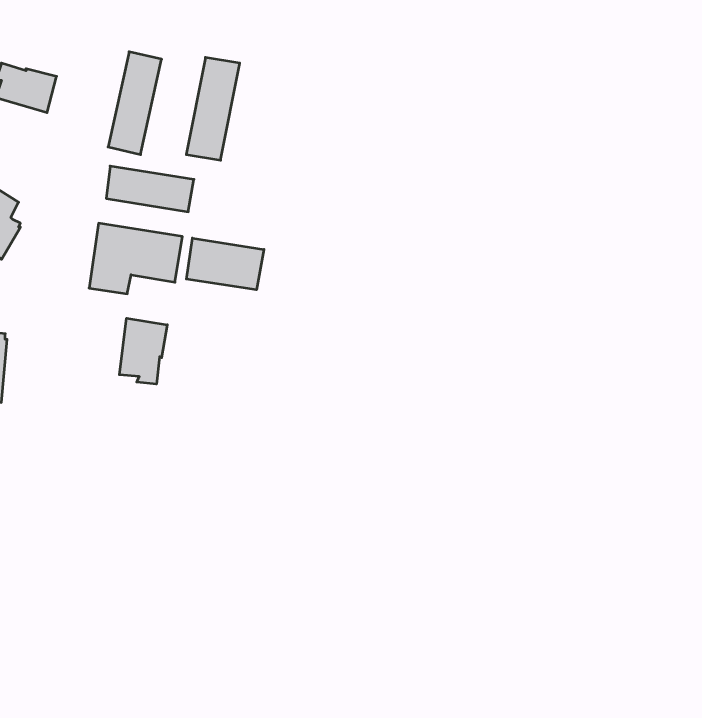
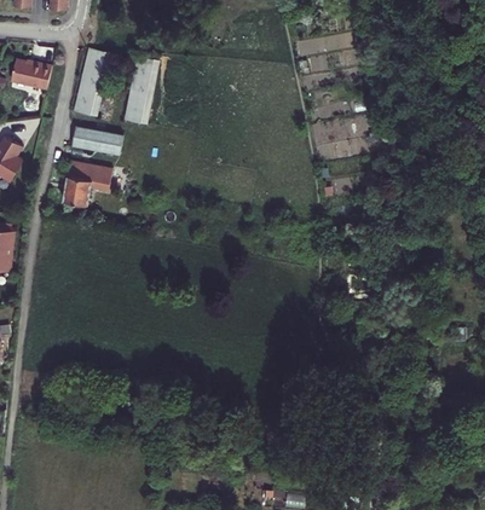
building: [186,238,264,290] -> none
building: [119,318,167,384] -> none

